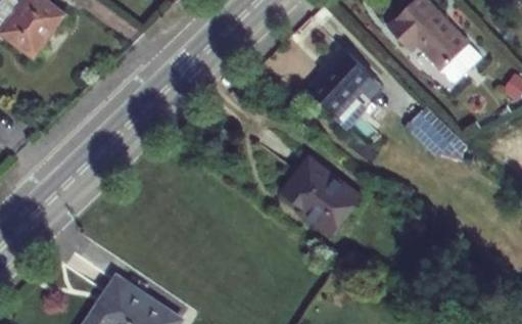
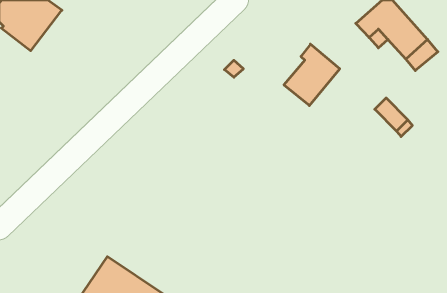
building: [280,158,355,232] -> none

